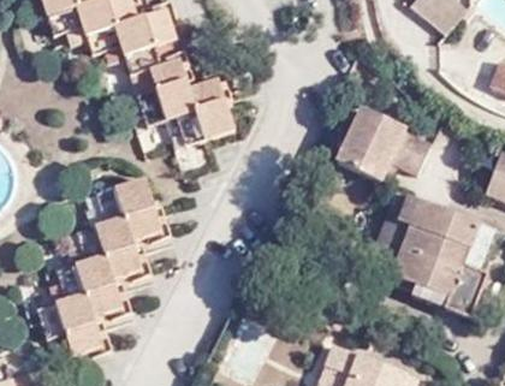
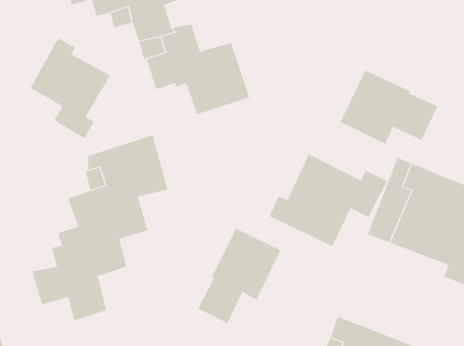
building: none -> [30,37,111,139]
building: none -> [269,153,388,247]
building: none -> [198,228,281,324]

